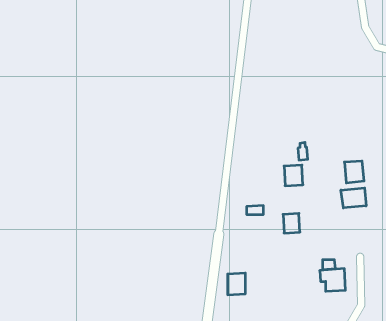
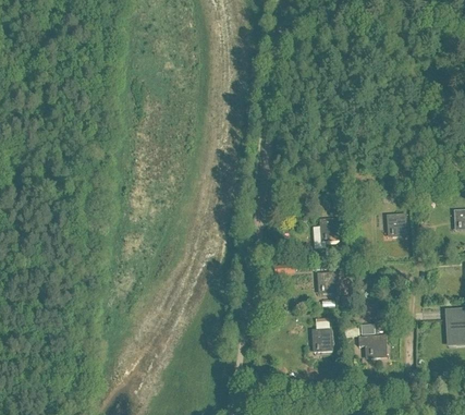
building: [341,188,366,208] -> none
building: [228,273,245,295] -> [313,328,332,352]

